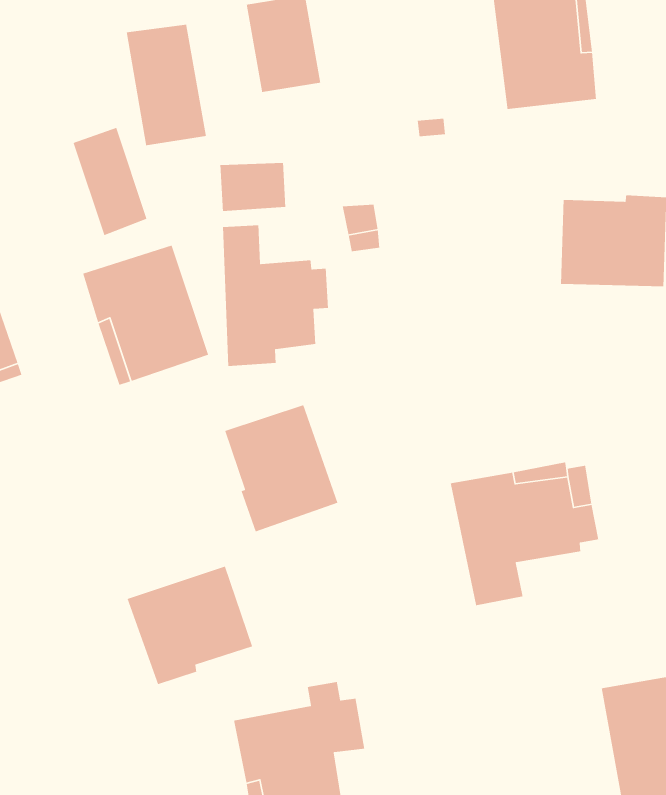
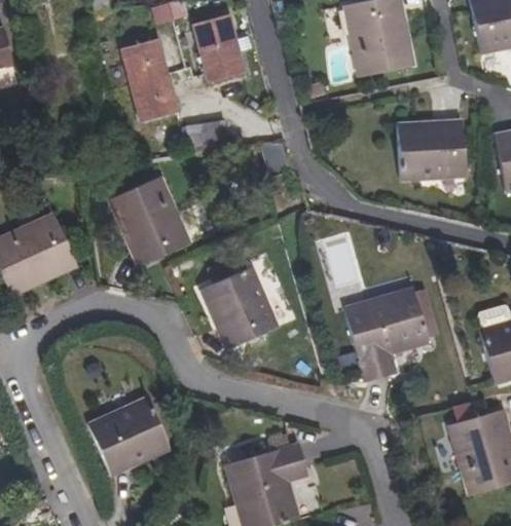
building: [73,127,147,236] -> none
building: [222,224,329,367] -> none
building: [127,565,253,685] -> [88,398,169,475]

